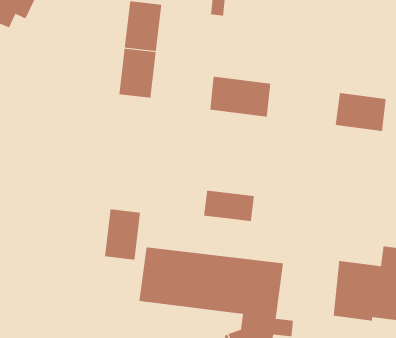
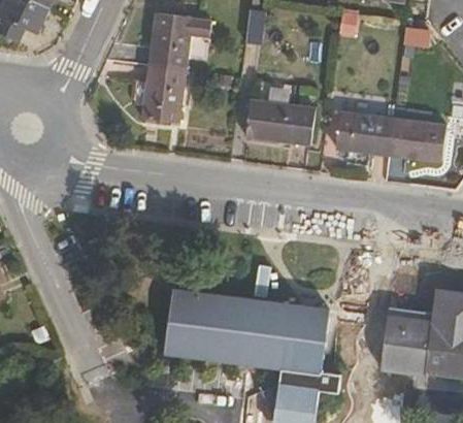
building: none -> [335,110,392,154]
building: [203,190,254,222] -> none
building: [104,208,140,261] -> none

